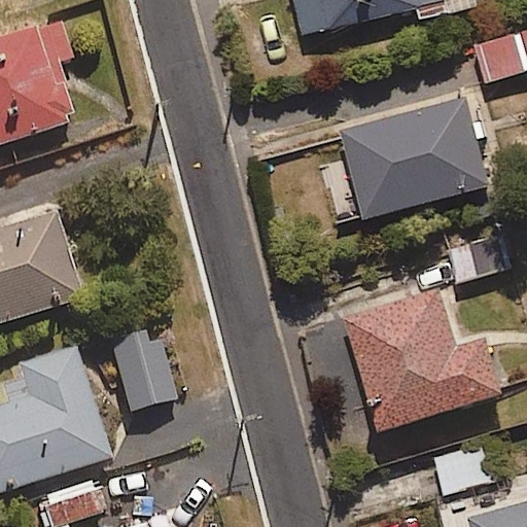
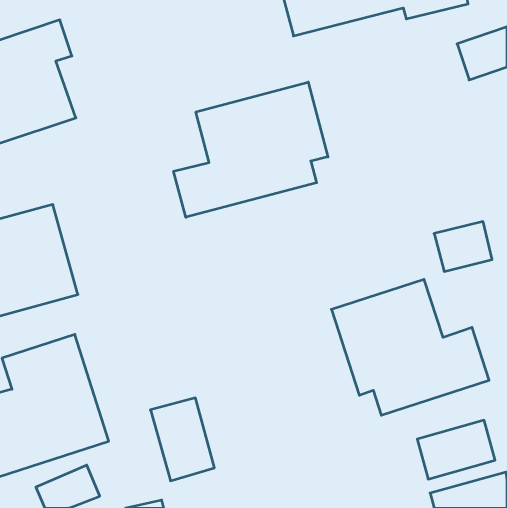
building: none -> [174,82,328,217]
building: [337,97,488,217] -> none
building: [111,327,177,413] -> [150,398,214,481]

